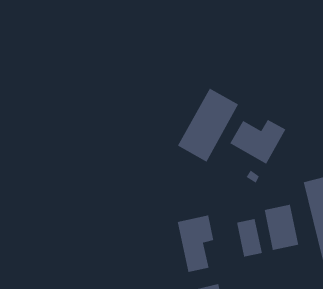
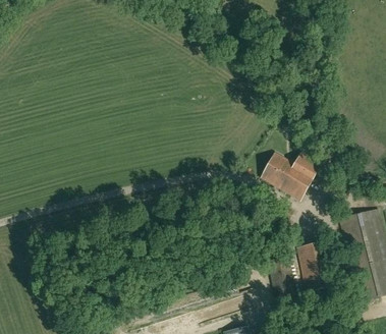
building: [177,87,239,163] -> none
building: [177,214,214,273] -> none

